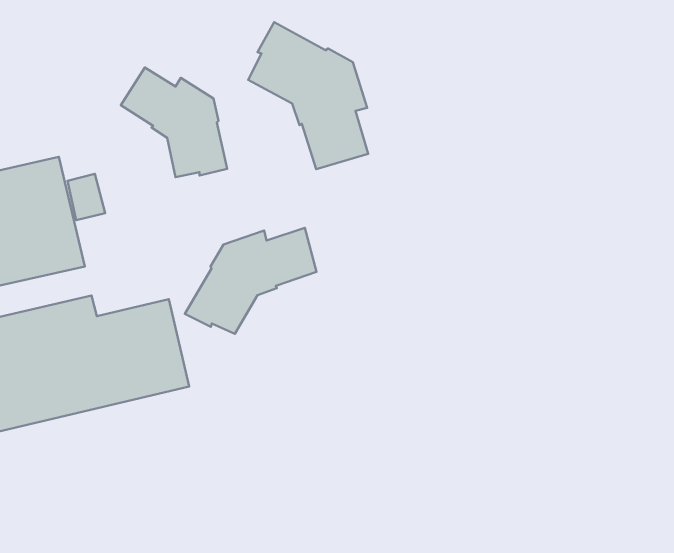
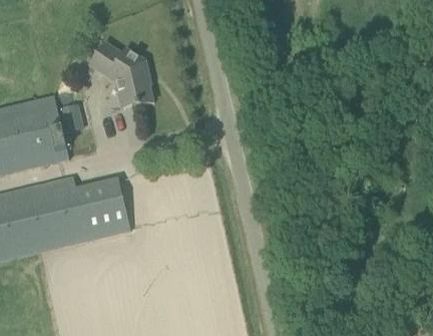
building: [248,22,368,169] -> none
building: [185,228,316,334] -> none

